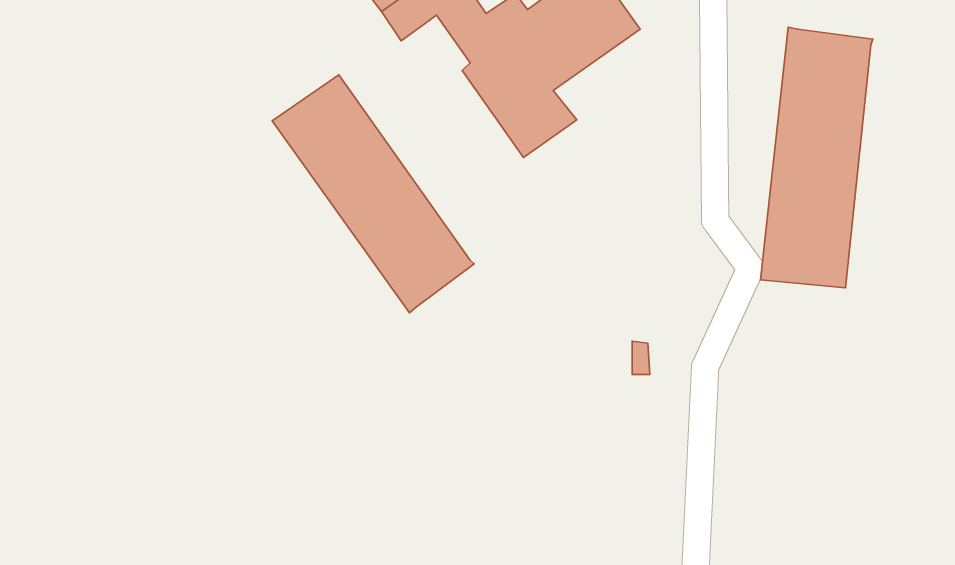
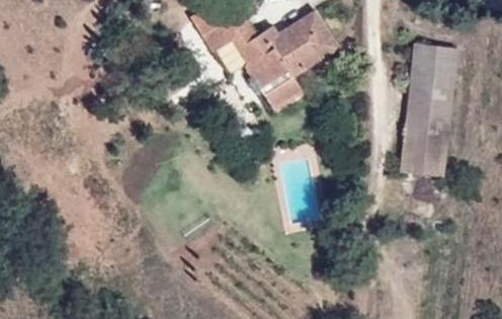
building: [272,75,474,313] -> none

